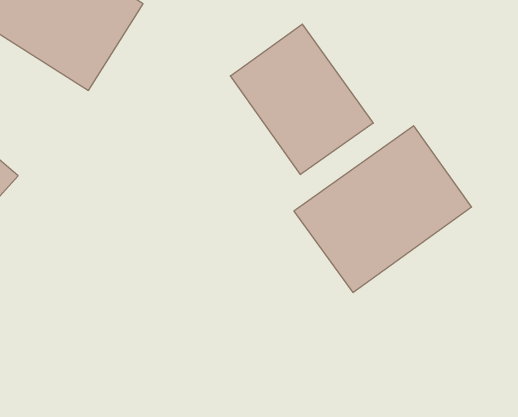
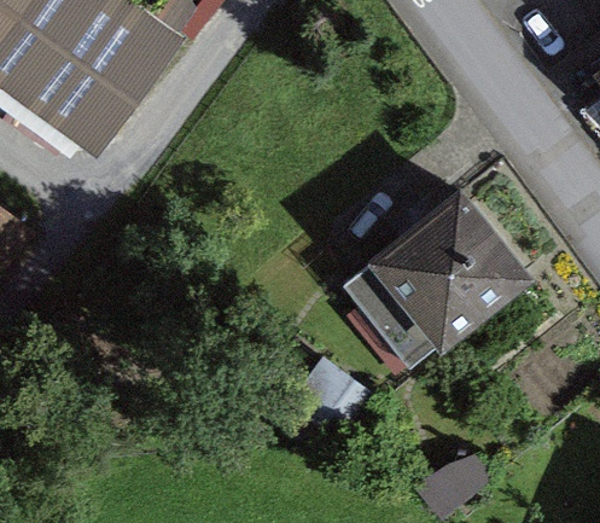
building: [230,24,373,175] -> none

